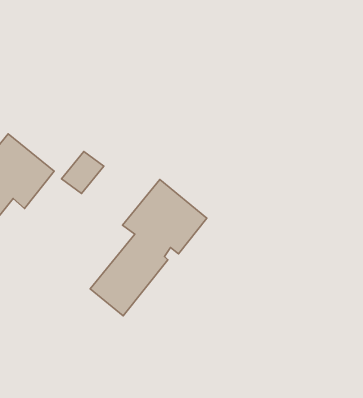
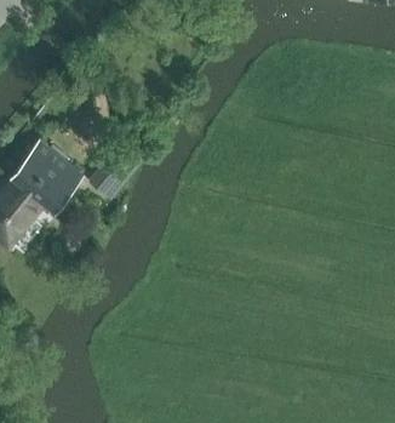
building: [90,180,207,316] -> none

